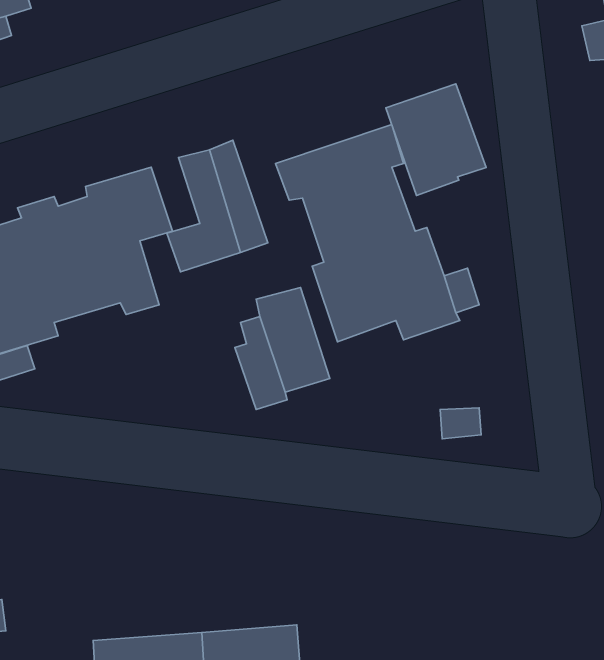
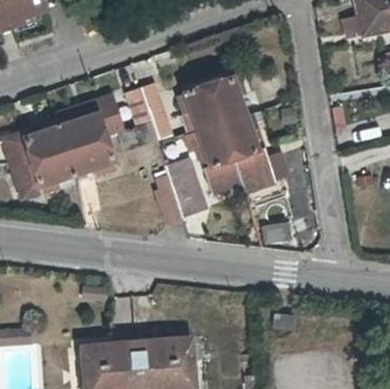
building: [386,84,486,195] -> none

